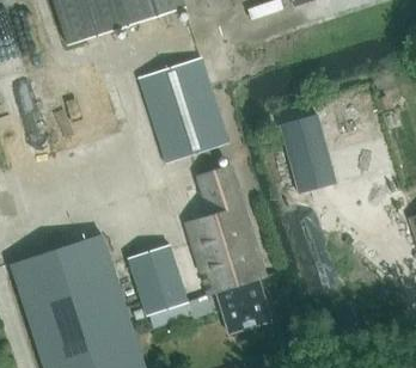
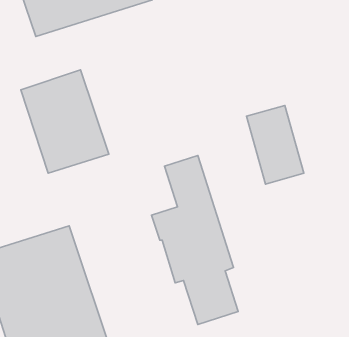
building: [139,59,227,162] -> [21,70,109,173]
building: [128,243,185,313] -> none

